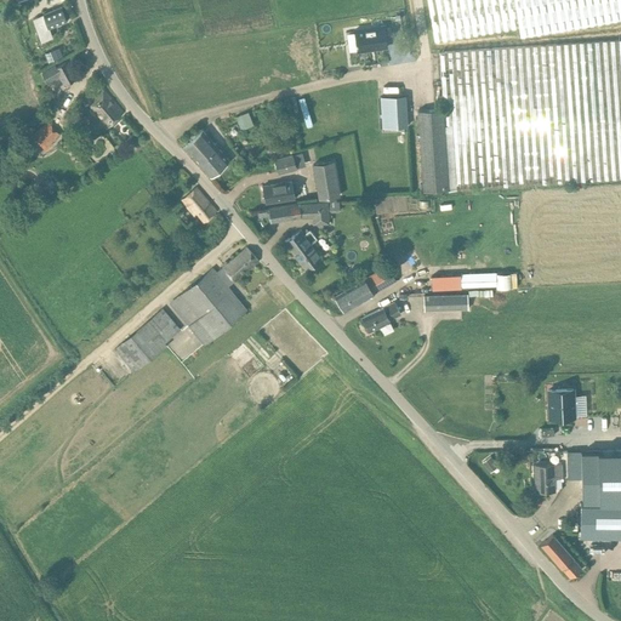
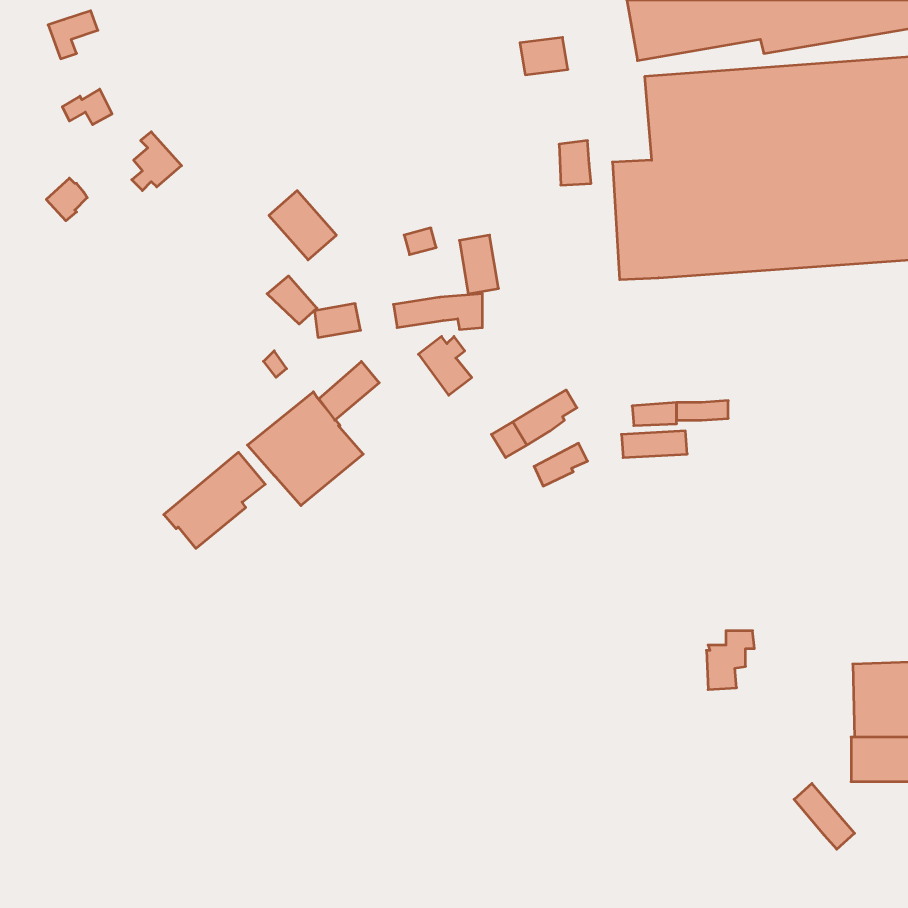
building: [264,182,296,205] -> [314,304,361,337]
building: [549,391,575,418] -> none
building: [536,452,569,492] -> [706,631,754,690]

